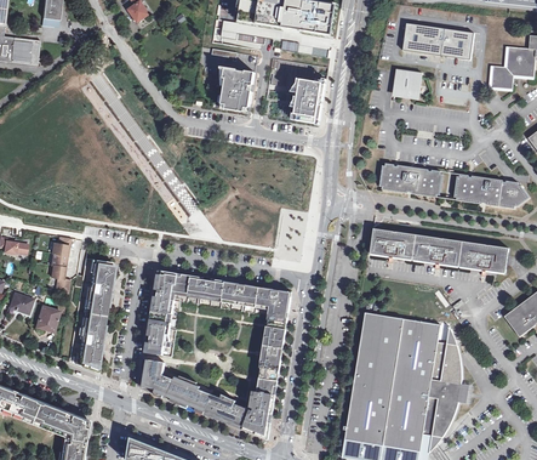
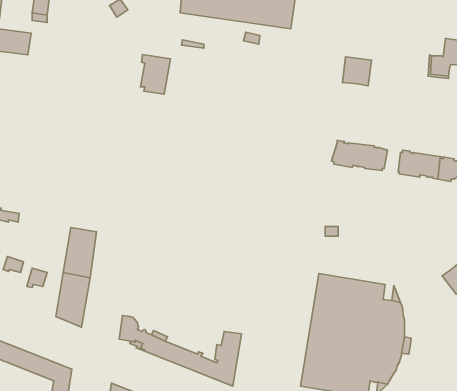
building: [406,22,475,59] -> none
building: [219,67,253,112] -> [140,55,171,94]
building: [293,79,326,124] -> none
building: [370,227,509,272] -> none
building: [51,235,70,293] -> none
building: [144,269,292,380] -> none

